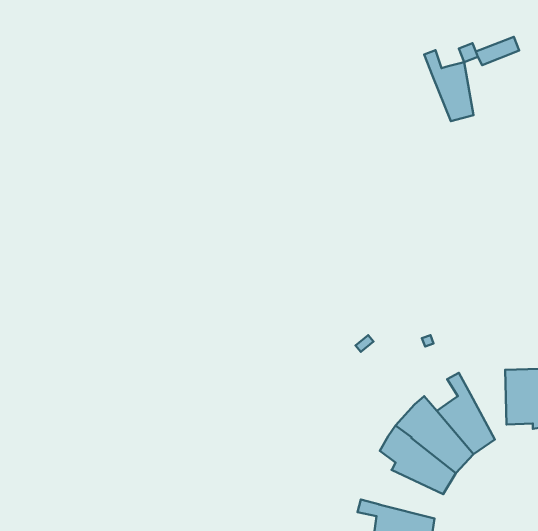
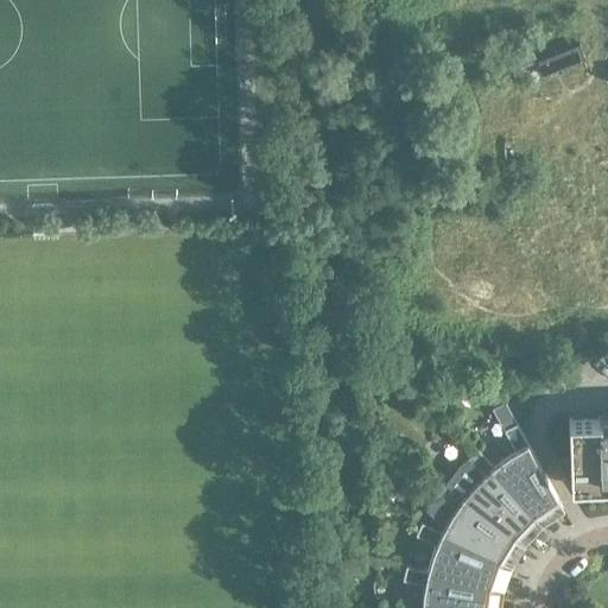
building: [424,50,474,121] -> none
building: none -> [417,528,500,593]

